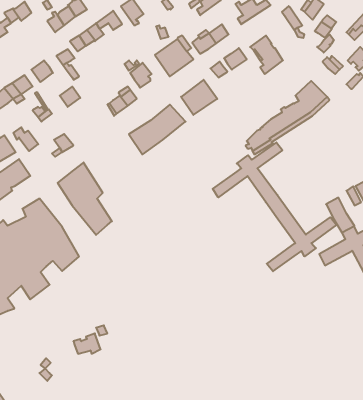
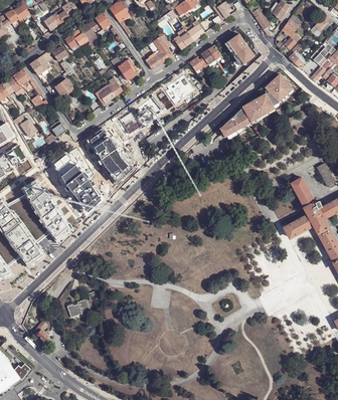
building: [213,142,337,271] -> none
building: none -> [90,131,133,185]

